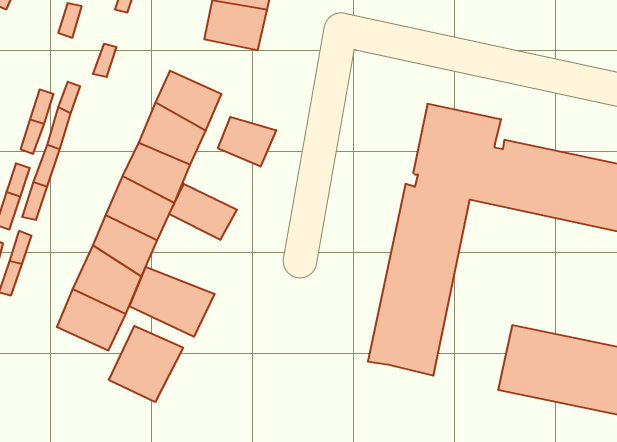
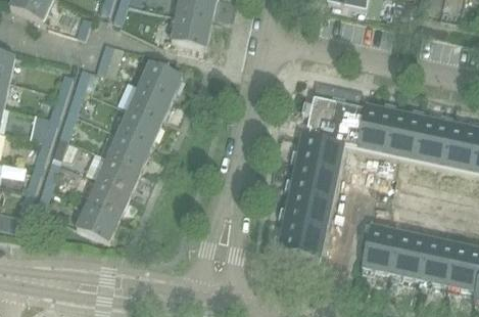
building: [218,117,276,167] -> none
building: [169,184,237,240] -> none
building: [129,267,215,337] -> none
building: [109,326,183,402] -> none

